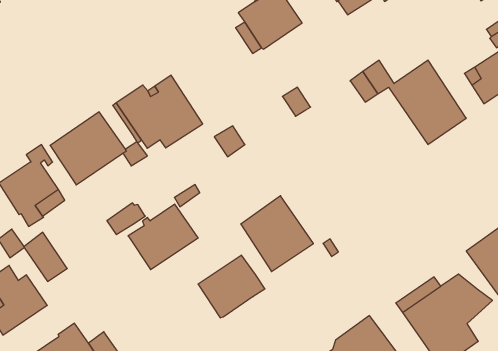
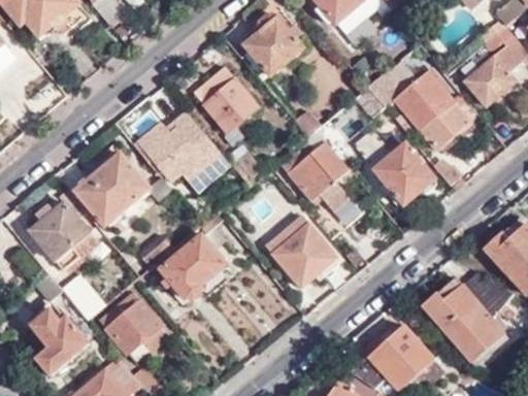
building: none -> [194,66,258,132]
building: none -> [282,142,352,213]
building: none -> [371,142,434,206]
building: [198,255,265,318] -> none
building: none -> [99,298,169,363]

